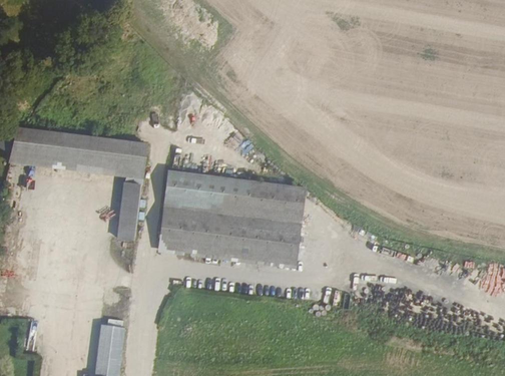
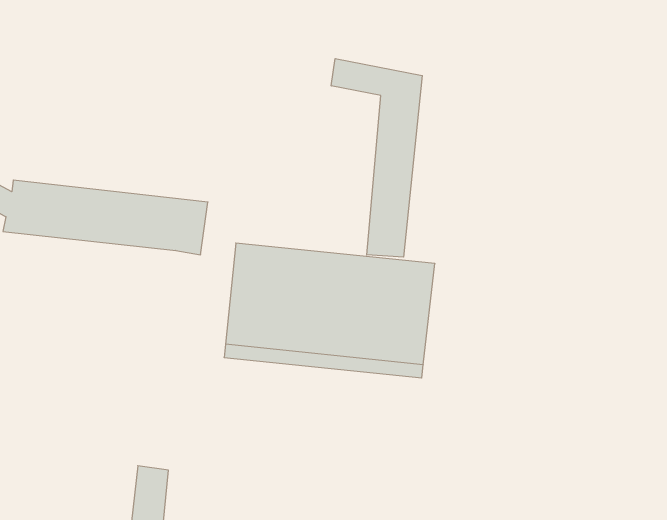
building: none -> [331,59,422,257]
building: [117,181,141,239] -> none

